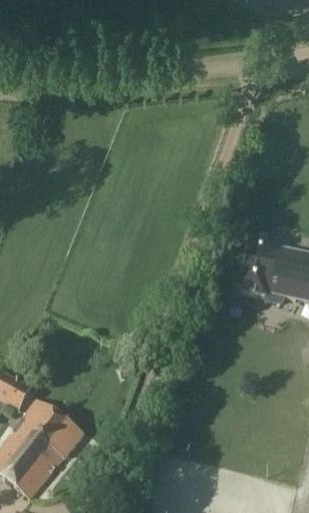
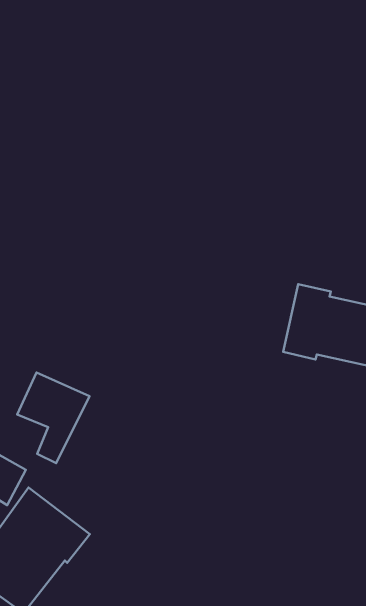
building: none -> [17,373,90,463]

